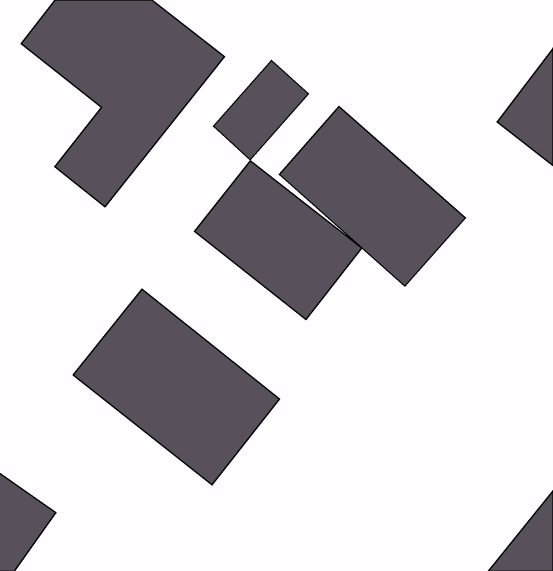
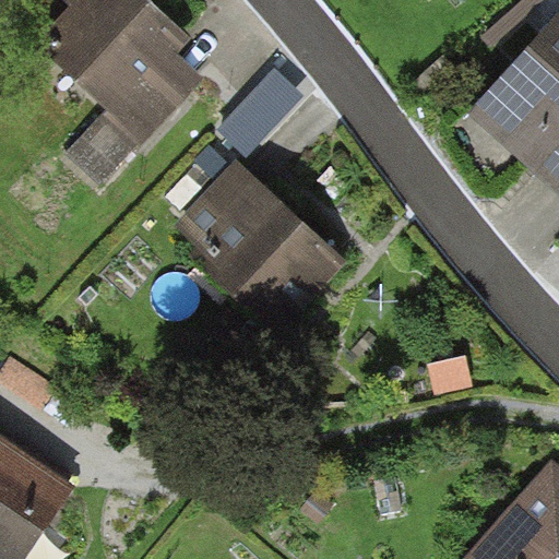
building: [279,106,466,286] -> none
building: [73,289,280,485] -> none

